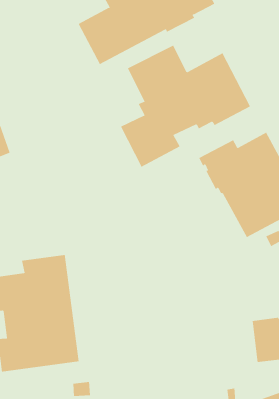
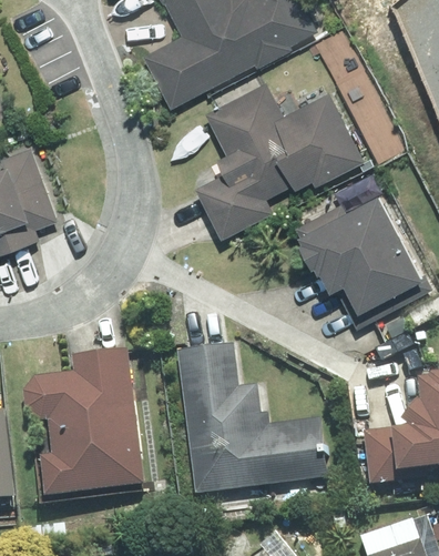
building: none -> [175,344,326,495]

